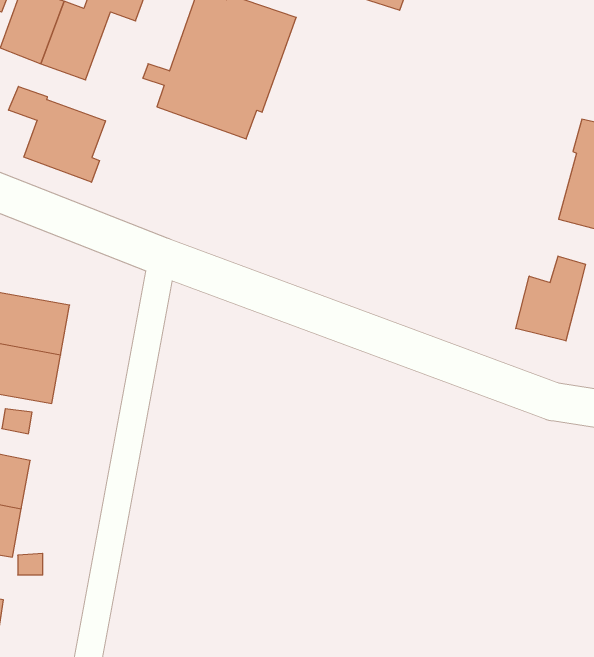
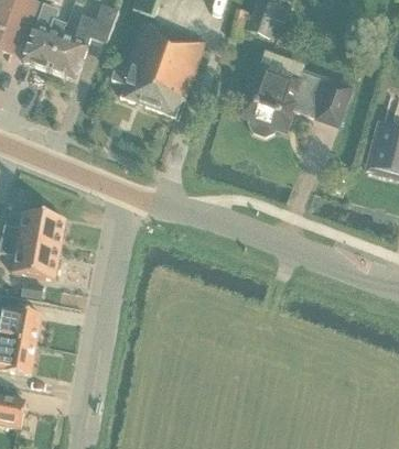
building: none -> [238,62,352,135]
building: [9,86,105,182] -> none
building: [516,256,585,341] -> none

